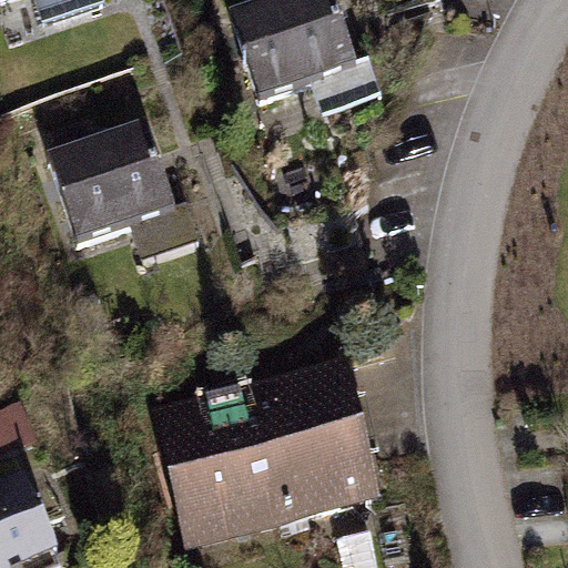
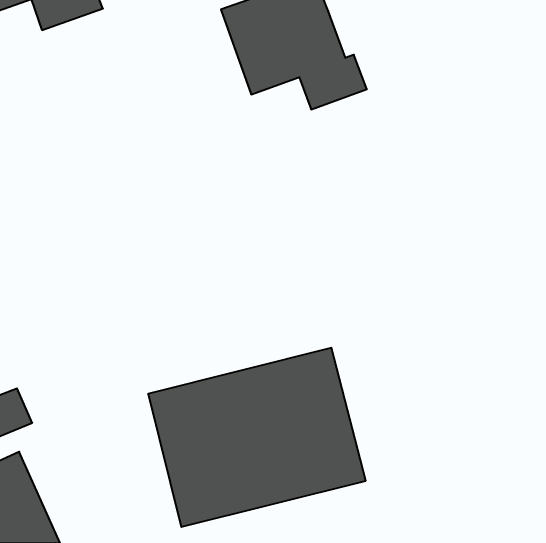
building: [45,121,194,254] -> none

